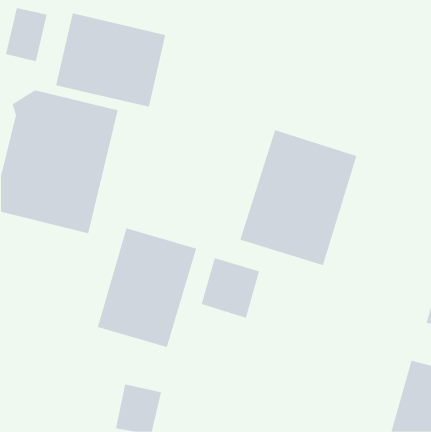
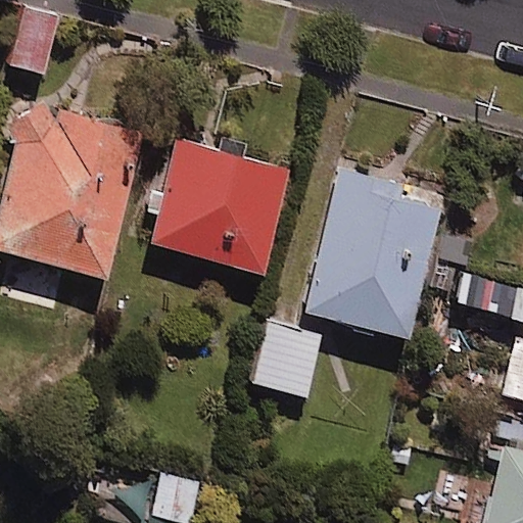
building: [56,12,166,107] -> none
building: none -> [153,143,292,276]
building: [97,228,197,348] -> none

